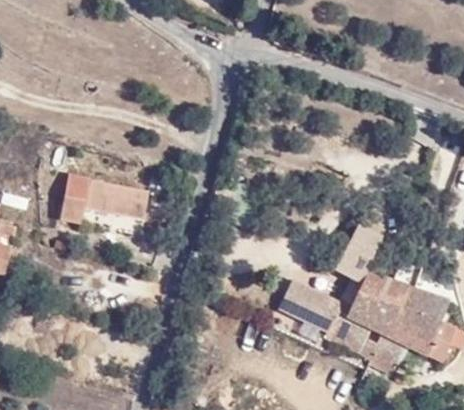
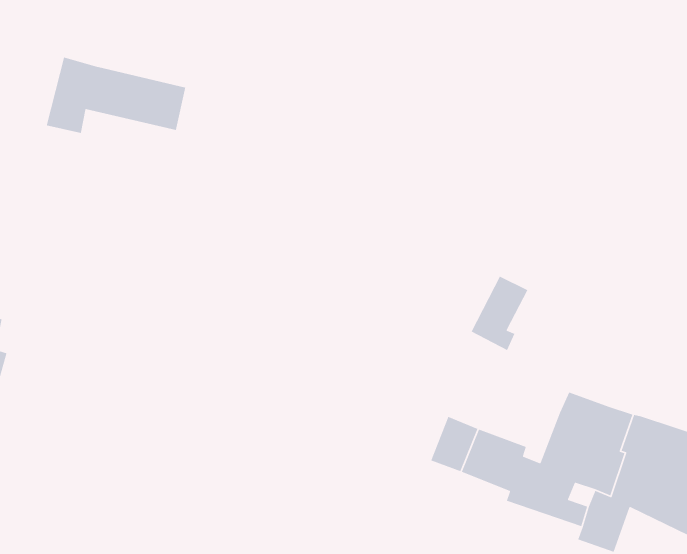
building: [56,169,143,217] -> [46,57,186,134]
building: [336,237,372,284] -> [470,275,529,351]

